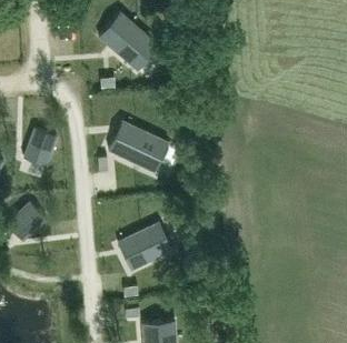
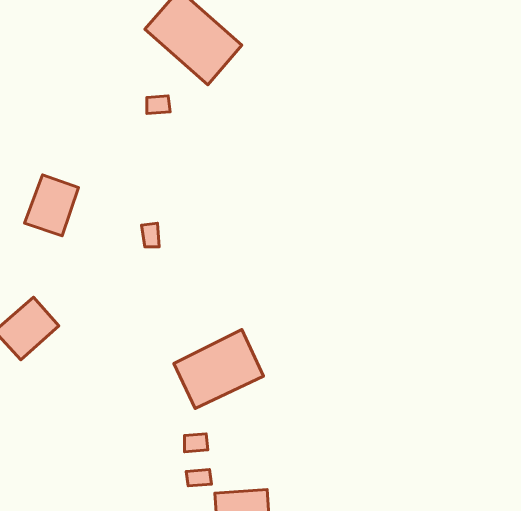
building: [108,121,168,172] -> none

